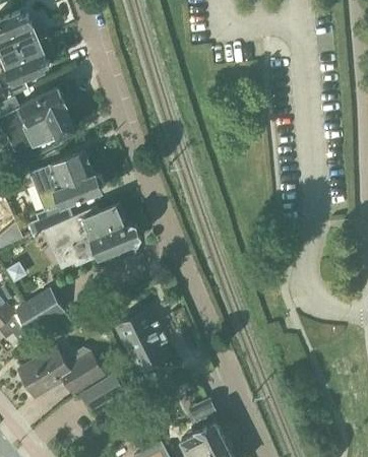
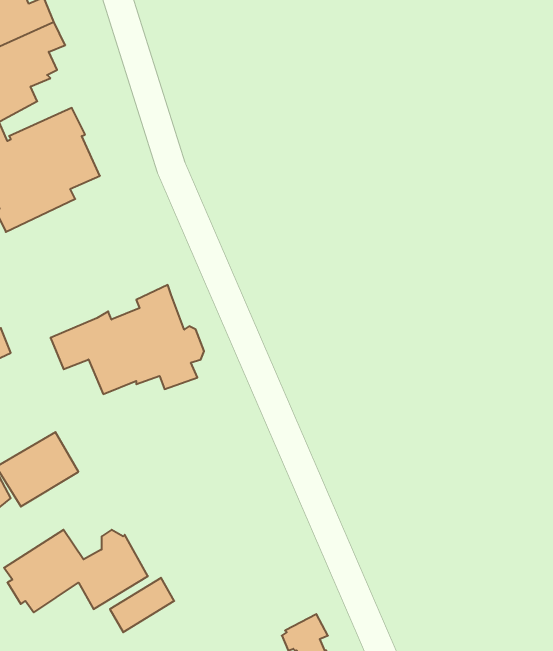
building: [25,150,103,235] -> none
building: [116,311,167,369] -> none

